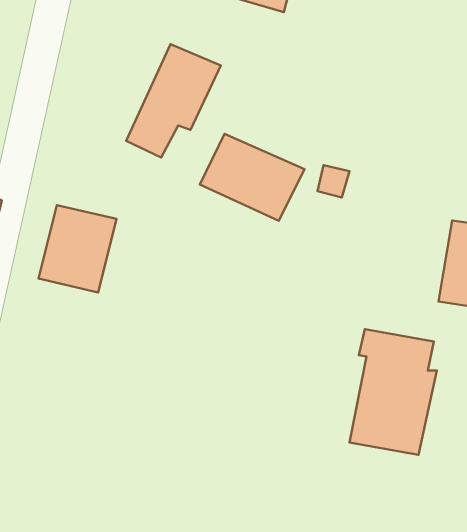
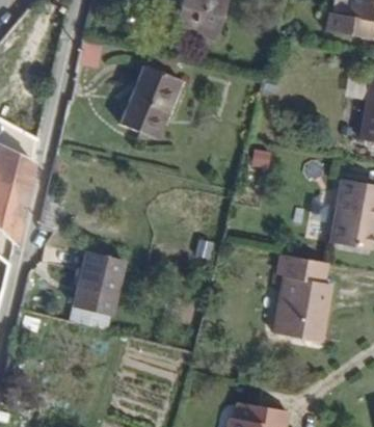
building: [200,134,304,221] -> none
building: [39,205,117,292] -> [78,255,131,314]

